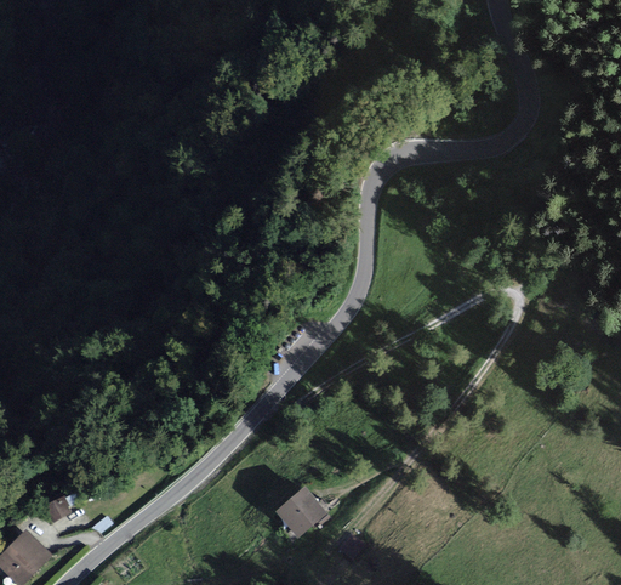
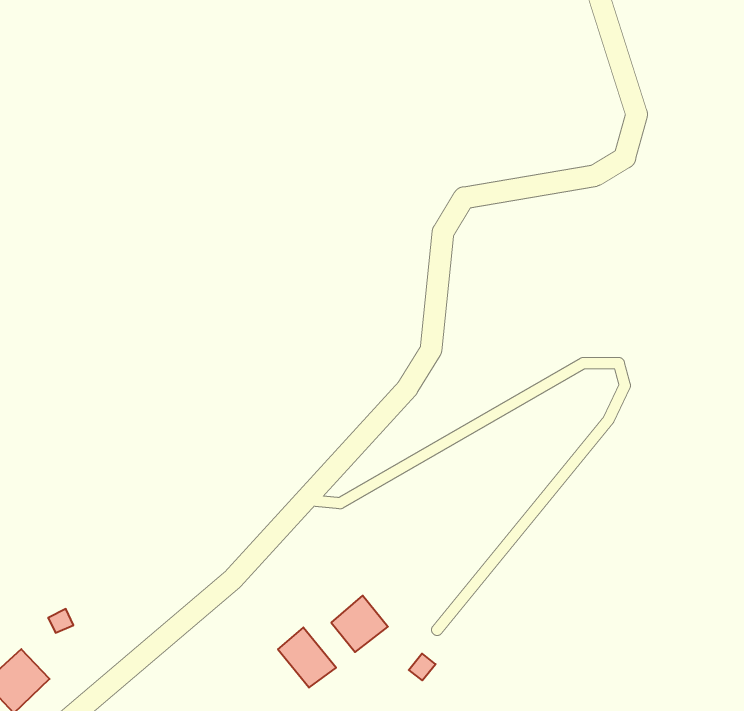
building: none -> [278,627,336,688]

